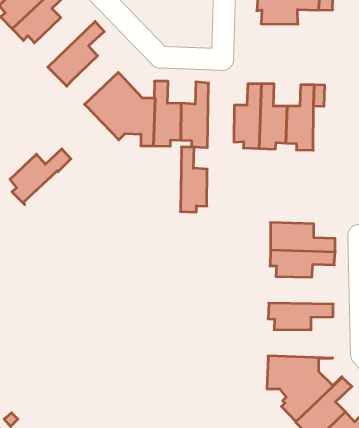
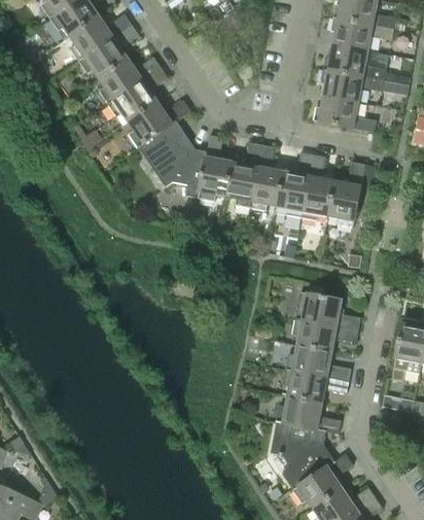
building: none -> [98,57,161,104]
building: none -> [313,96,376,132]
building: [180,147,207,212] -> [250,145,283,211]
building: [10,149,71,205] -> [128,100,190,148]
building: none -> [285,345,351,381]
building: none -> [276,396,341,434]

